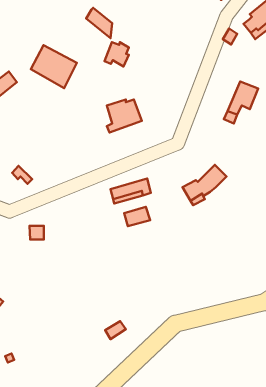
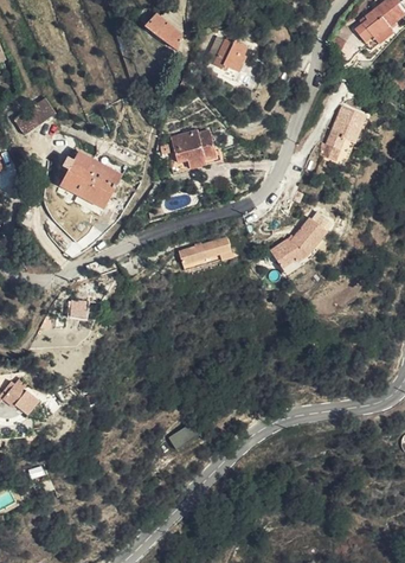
building: [105,42,129,66] -> [212,39,244,71]
building: [31,45,77,88] -> [59,153,120,210]
building: [124,207,150,226] -> none

